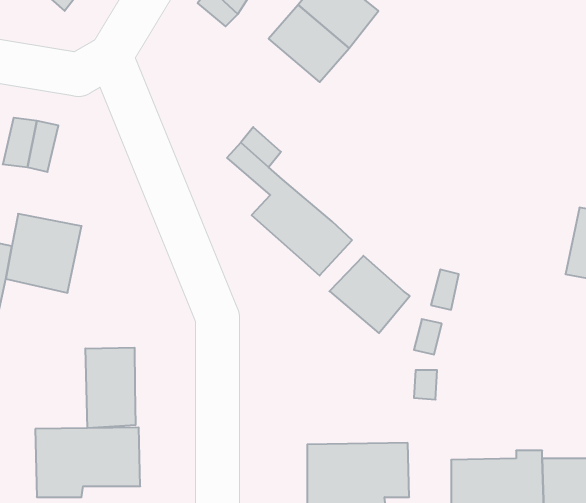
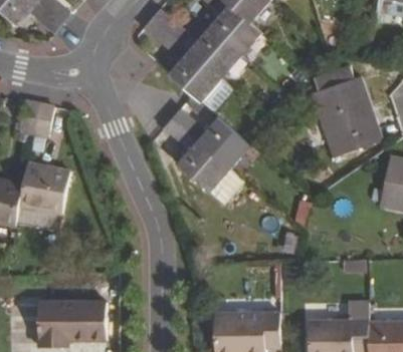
building: none -> [168,50,222,102]
building: none -> [313,68,376,154]
building: [329,256,410,333] -> [198,118,250,168]
building: [85,348,135,428] -> none

